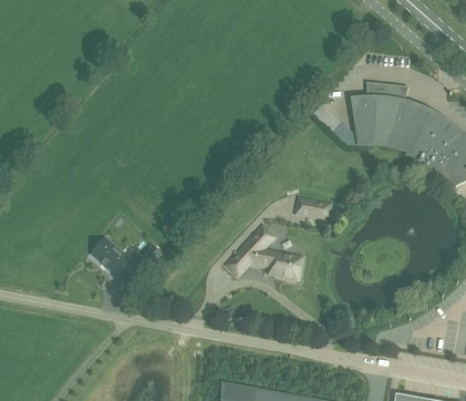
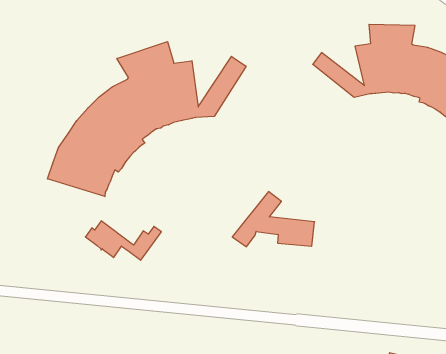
building: none -> [47,42,246,197]
building: [296,195,333,222] -> none

